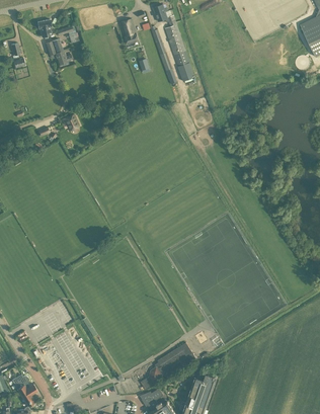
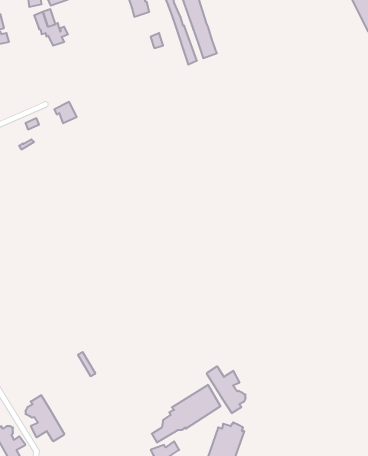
building: none -> [207,366,246,413]
building: none -> [25,395,64,441]

